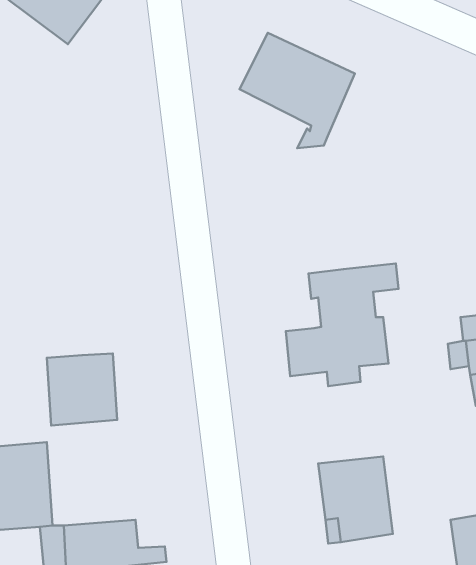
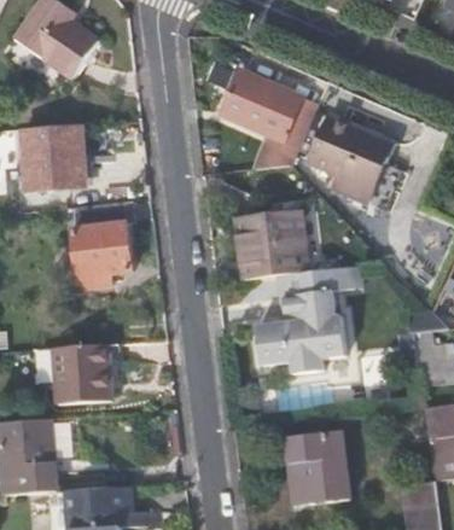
building: none -> [308,115,401,210]
building: none -> [21,123,86,188]
building: none -> [70,202,132,290]
building: none -> [238,211,307,278]

